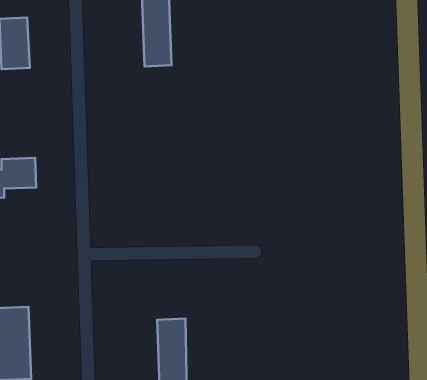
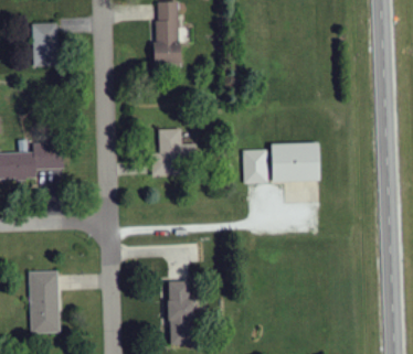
building: none -> [152,128,192,175]
building: none -> [272,141,321,181]
building: none -> [243,149,267,183]

